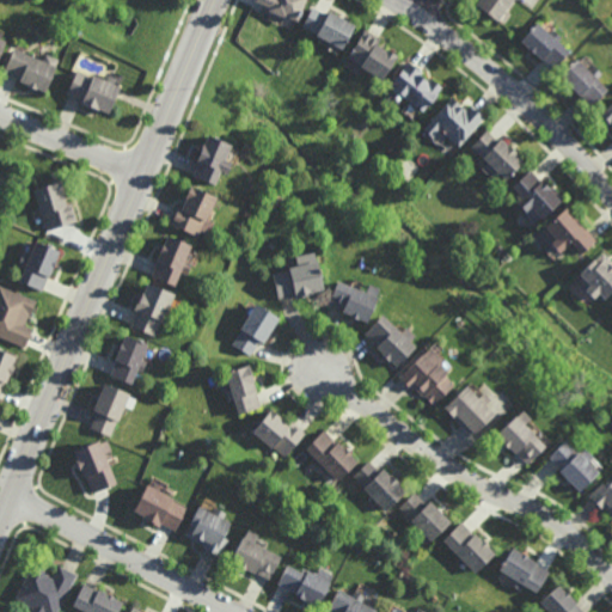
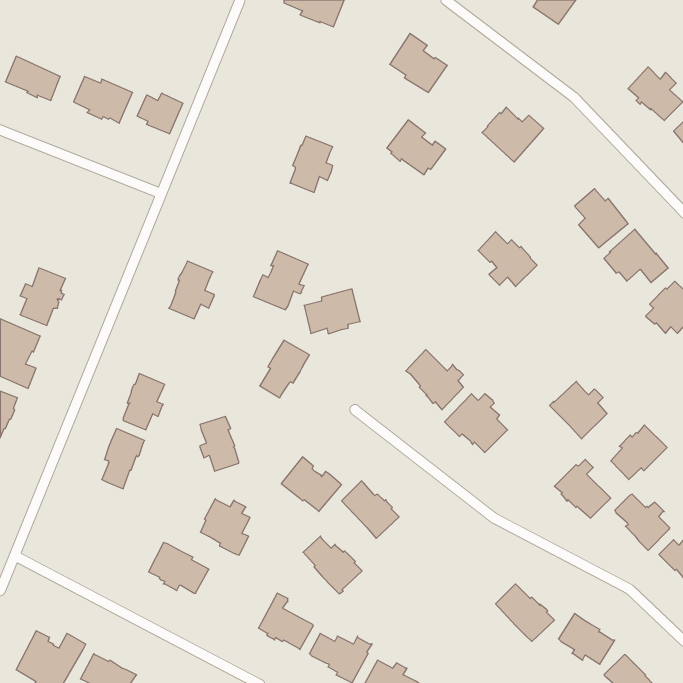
building: [304,8,357,53] -> none
building: [522,25,571,71] -> none
building: [391,62,443,111] -> [387,120,446,175]
building: none -> [137,93,183,134]
building: [472,129,525,178] -> [478,232,537,287]
building: [194,133,232,183] -> [290,136,333,192]
building: [33,180,79,231] -> none
building: [169,183,218,235] -> [253,251,308,310]
building: [326,280,379,322] -> none
building: [131,282,175,336] -> none
building: [226,366,261,415] -> [200,416,239,471]
building: none -> [611,425,667,480]
building: [443,386,495,437] -> [550,381,607,439]
building: [73,441,117,494] -> none
building: [354,461,406,513] -> [303,536,362,594]
building: [399,492,451,543] -> none
building: [186,507,231,557] -> [200,499,250,555]

